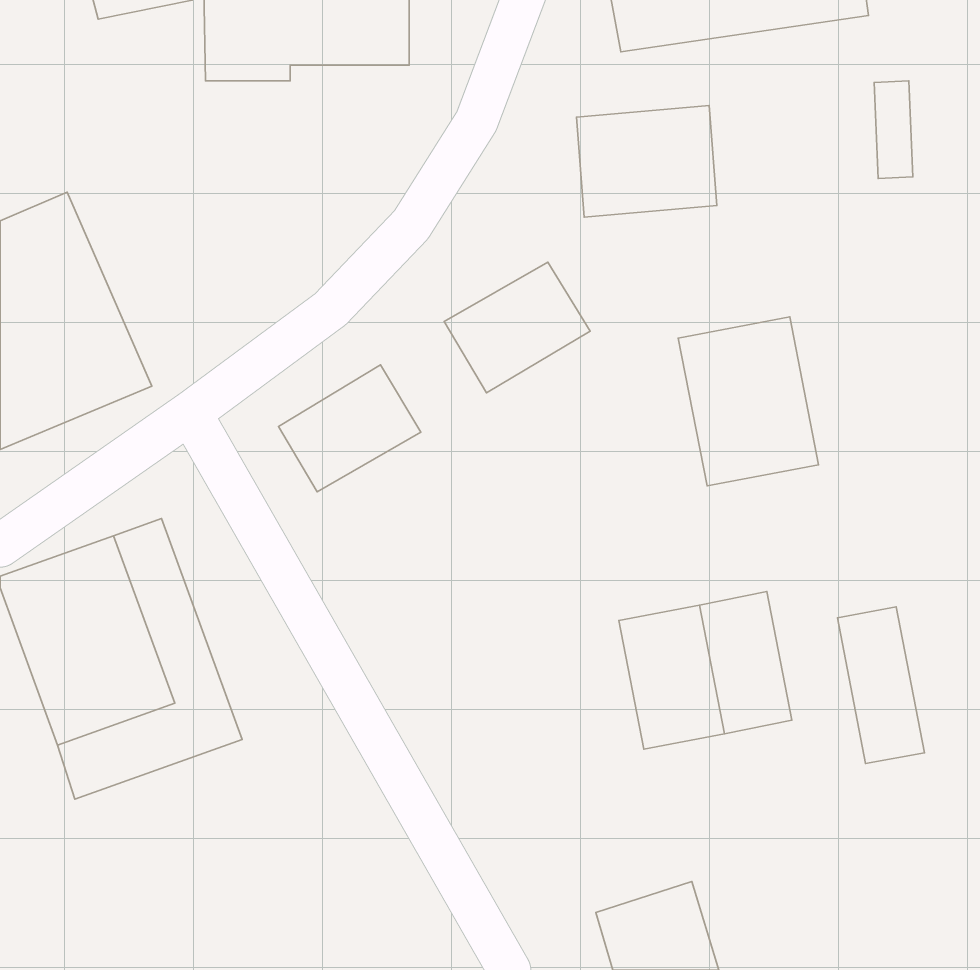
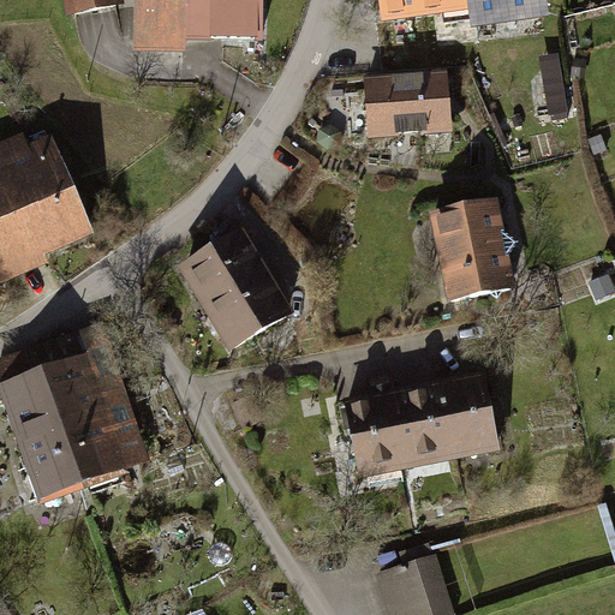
building: [444,262,590,393] -> [199,270,291,352]
building: none -> [339,370,404,478]
building: [837,607,925,764] -> none

